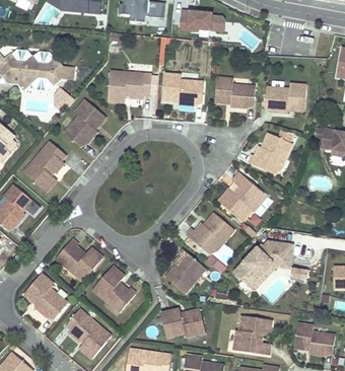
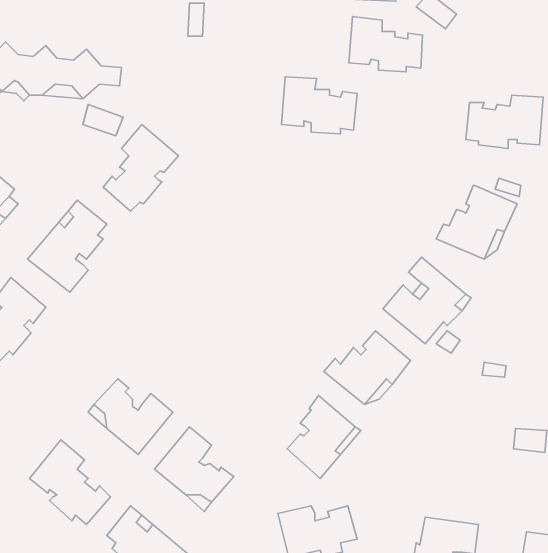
building: [107,71,151,102] -> none
building: [214,77,255,107] -> [349,17,423,72]
building: [231,239,291,285] -> none

